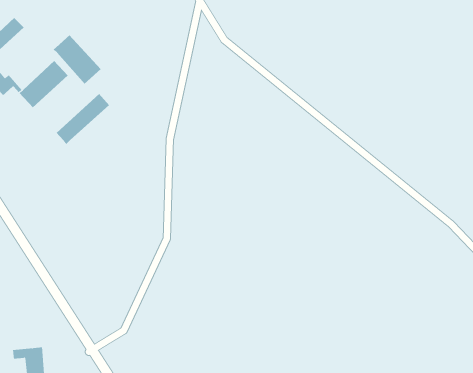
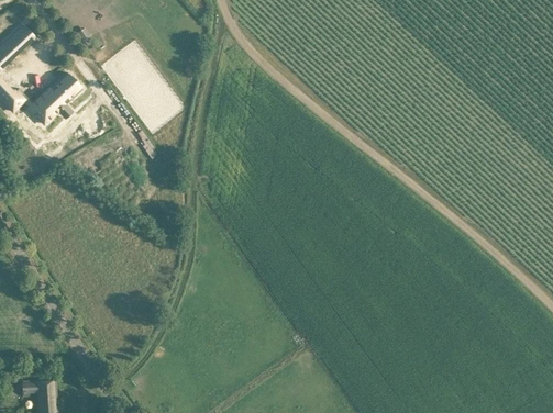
building: [53,34,102,85] -> none
building: [56,93,110,145] -> none

